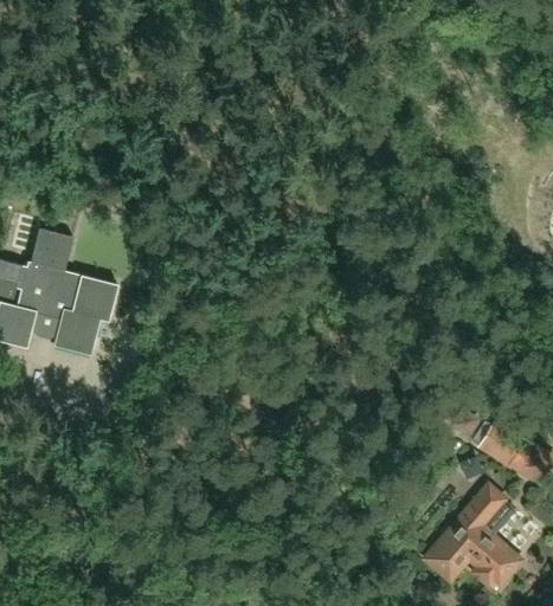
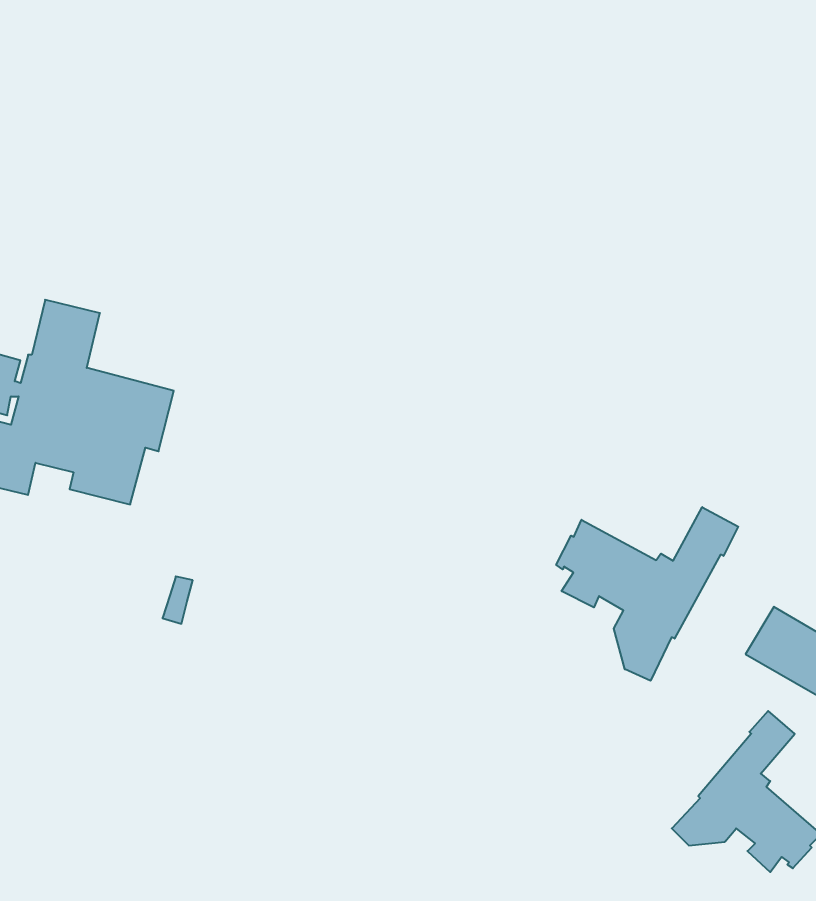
building: none -> [556,507,738,681]

